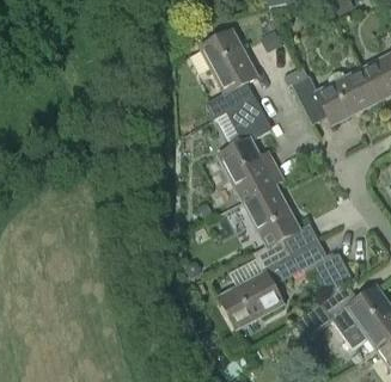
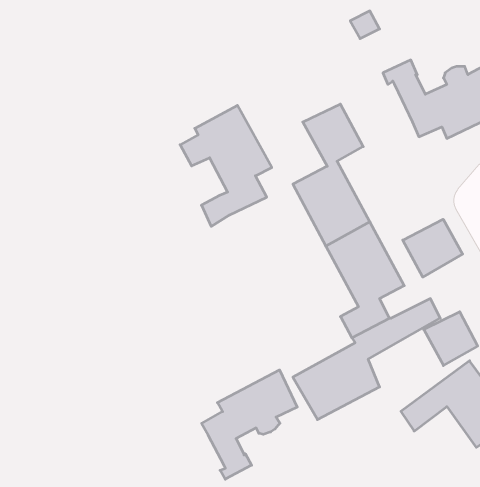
building: [190,31,257,119] -> [180,105,272,226]
building: none -> [403,219,463,277]
building: none -> [202,370,297,479]

